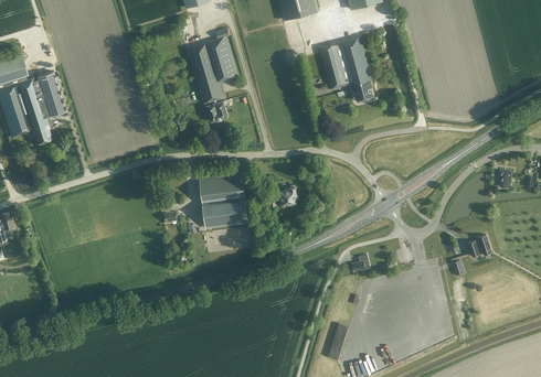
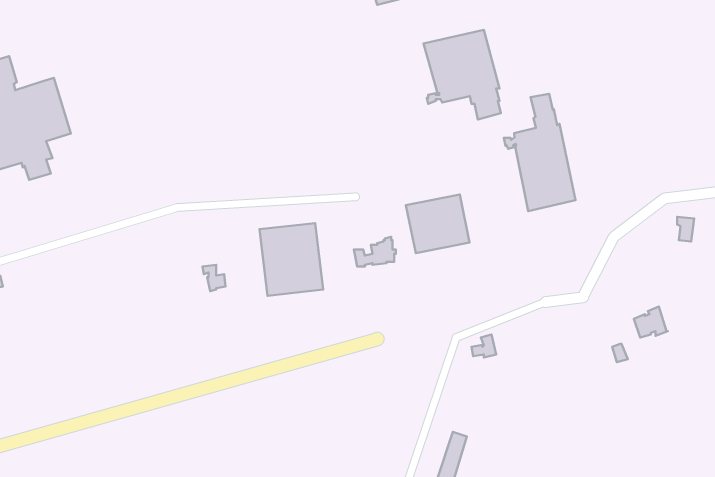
building: [185,30,237,121] -> none
building: none -> [504,94,576,211]
building: none -> [406,194,470,253]

